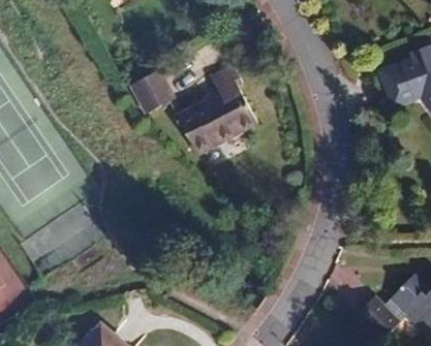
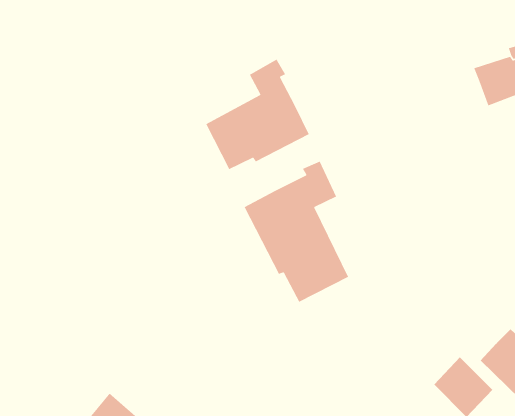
building: [131,70,174,114] -> none
building: none -> [244,160,349,303]

